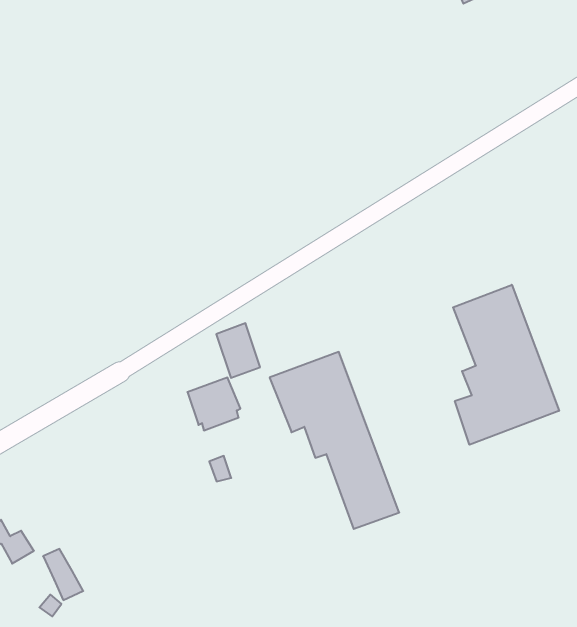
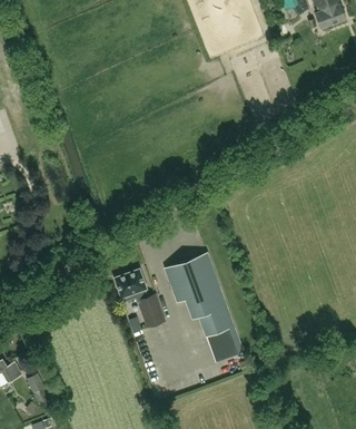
building: [453,285,559,445] -> none
building: [216,323,260,378] -> [138,294,165,328]

